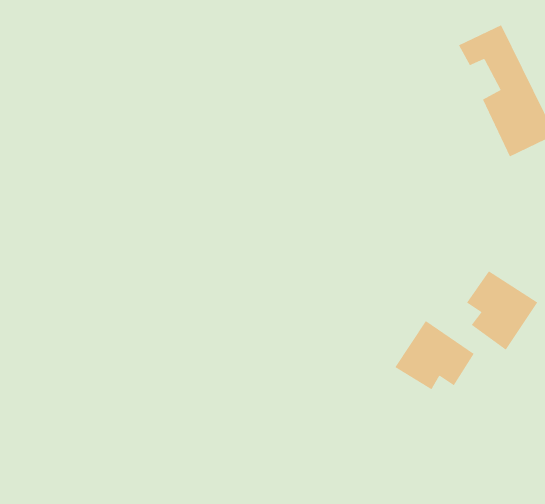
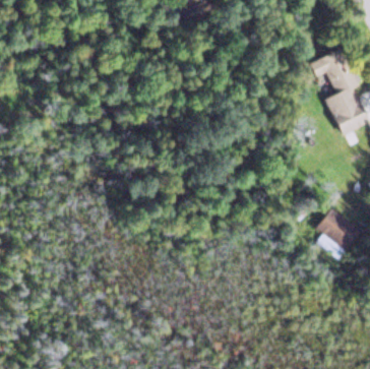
building: [394,320,474,390] -> none

